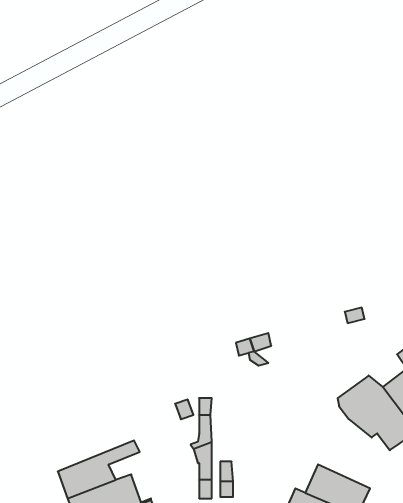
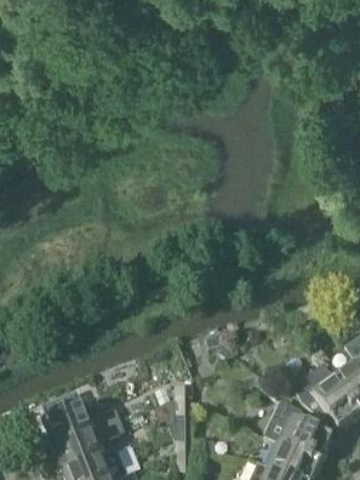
building: none -> [263,401,332,463]
building: none -> [42,406,119,448]

